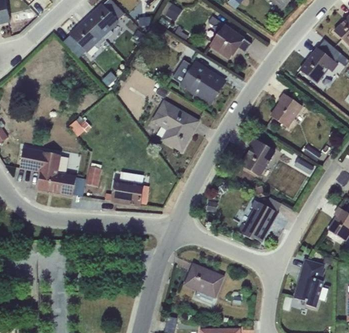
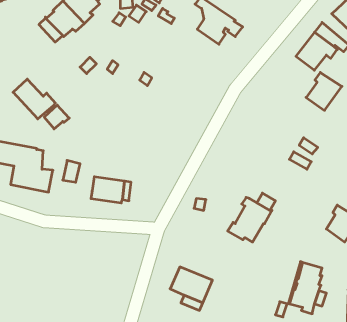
building: [172,59,224,101] -> none
building: none -> [13,79,55,119]
building: [270,93,303,128] -> [306,72,342,110]
building: [150,100,198,151] -> none
building: [240,137,275,177] -> none

